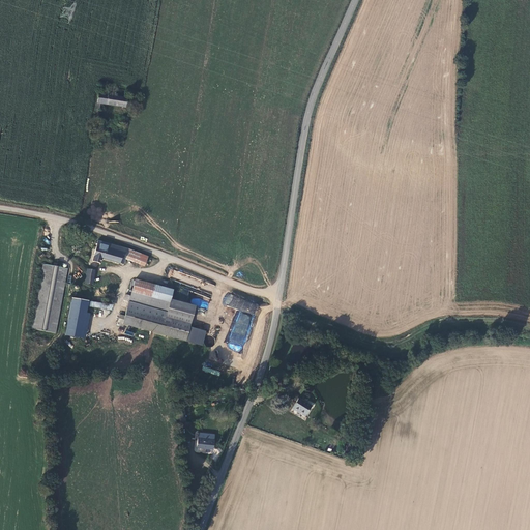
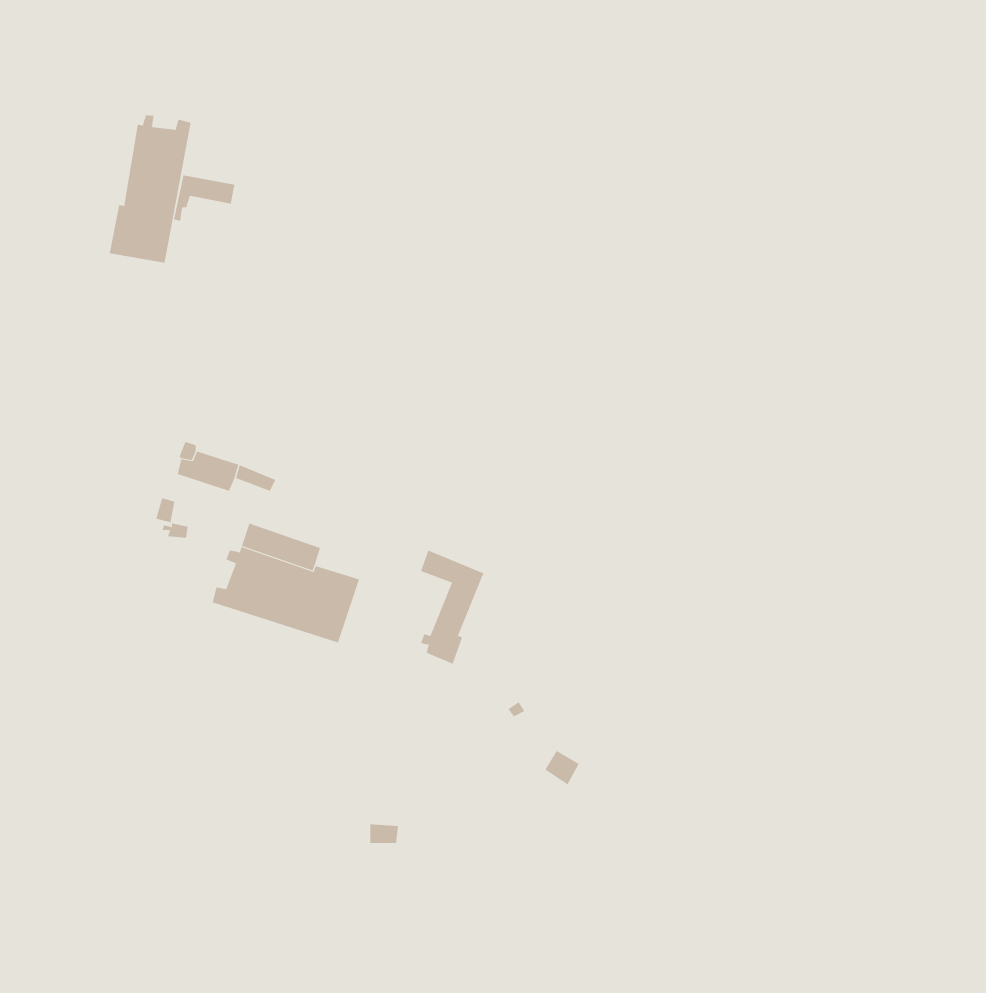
building: none -> [109,114,191,264]
building: [29,261,65,330] -> none
building: [69,297,94,340] -> none

